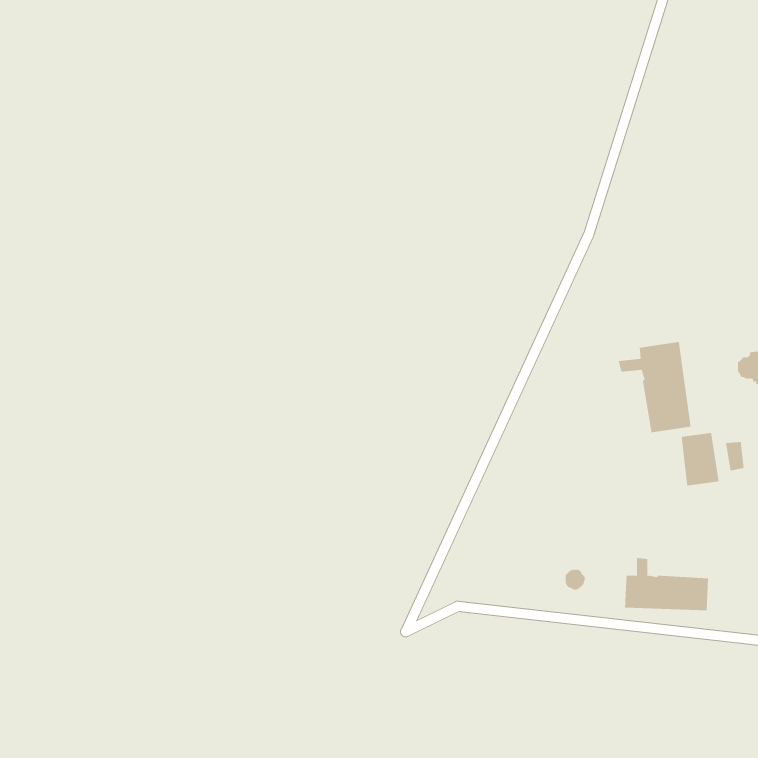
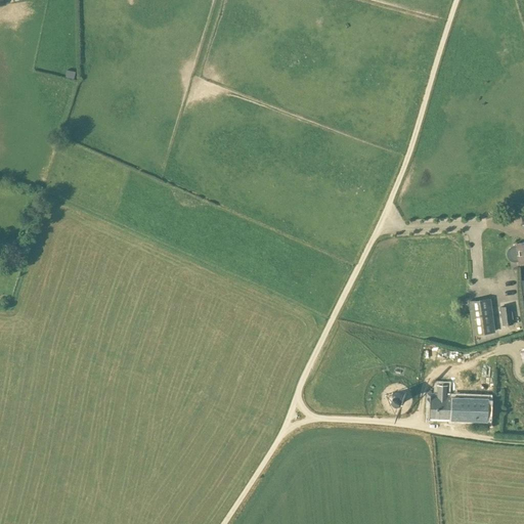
building: [618,341,691,433] -> none

